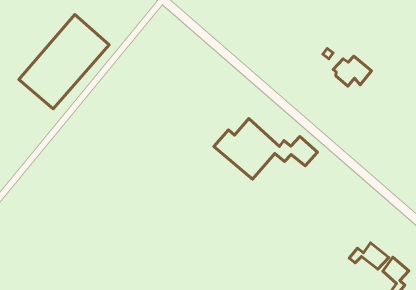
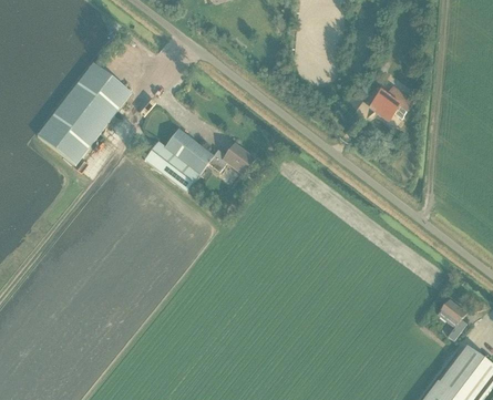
building: [214,119,317,179] -> [143,127,254,192]
building: [349,243,389,269] -> none

